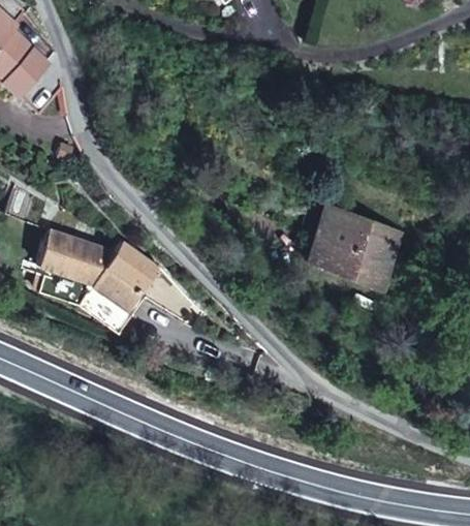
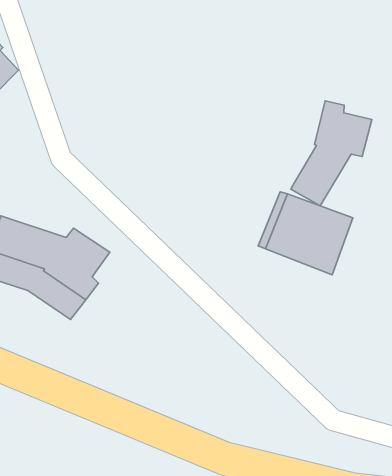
building: none -> [291,101,372,206]

